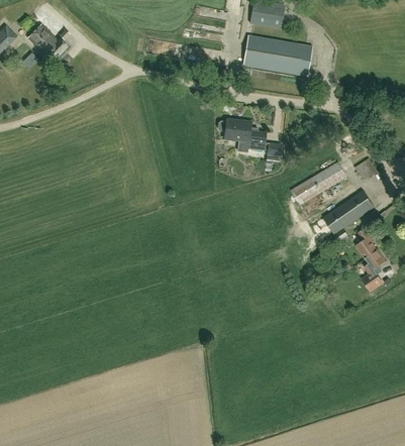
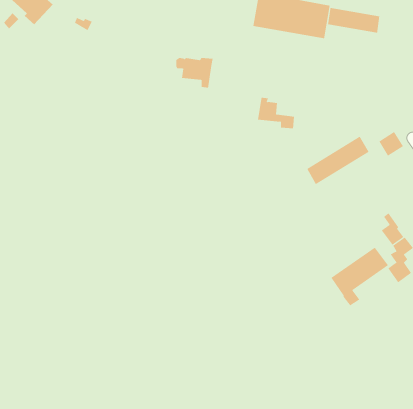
building: none -> [328,7,380,33]
building: [218,120,251,147] -> [176,57,213,88]
building: [323,190,375,242] -> [330,247,389,306]

